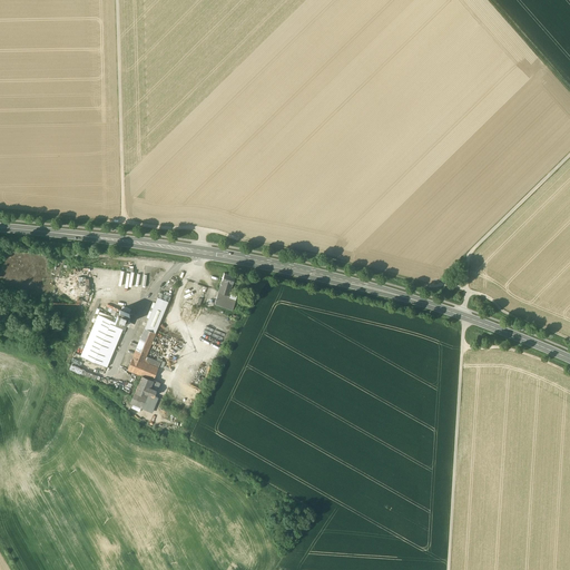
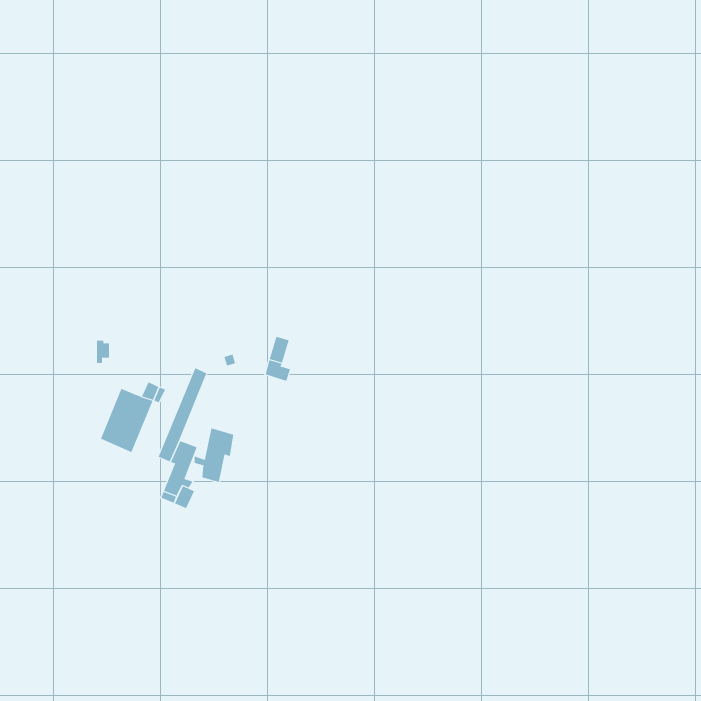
building: none -> [194,427,234,483]

